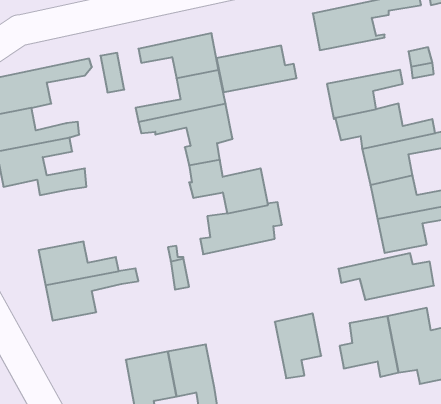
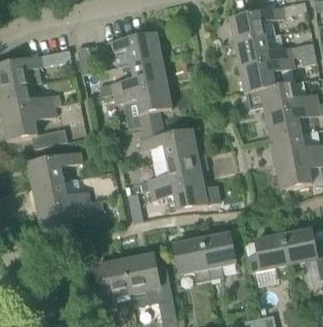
building: [216,46,297,92] -> [234,33,292,67]
building: none -> [27,149,83,186]
building: [338,253,434,300] -> [150,178,219,211]
building: none -> [174,237,210,281]

